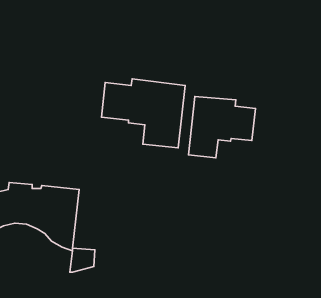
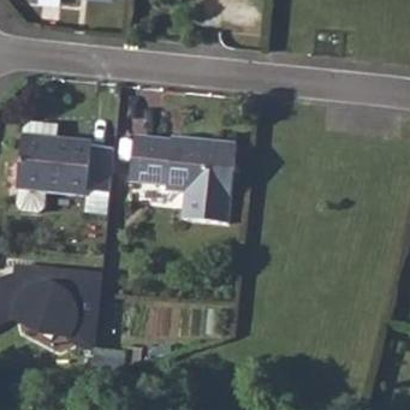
building: none -> [17,119,115,212]
building: [189,96,255,158] -> none

